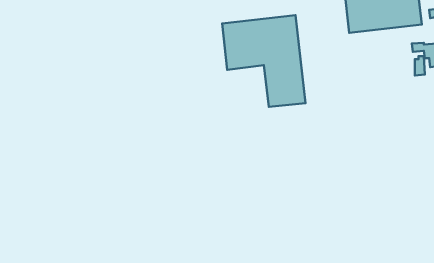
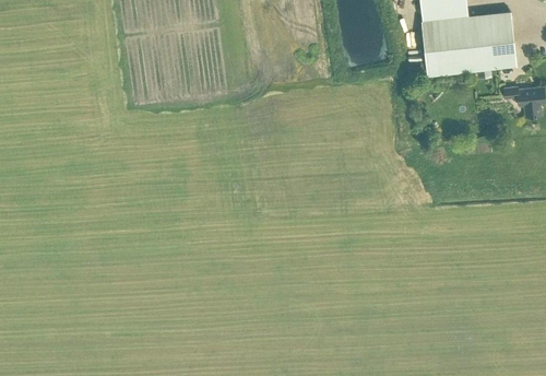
building: [222,15,306,107] -> none

